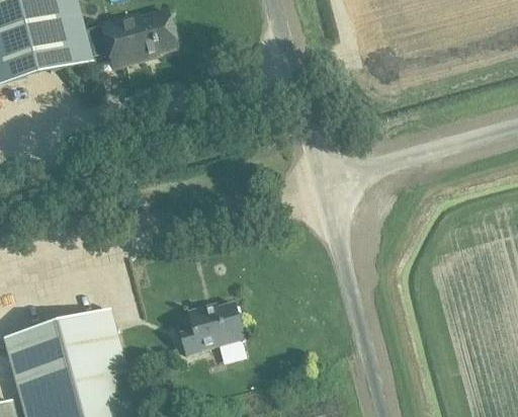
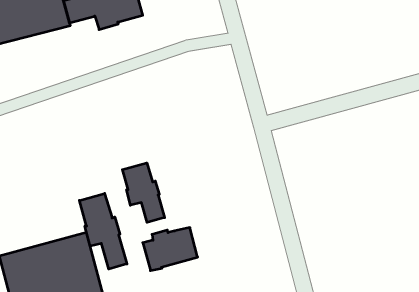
building: none -> [122,163,165,222]
building: none -> [79,193,127,269]

